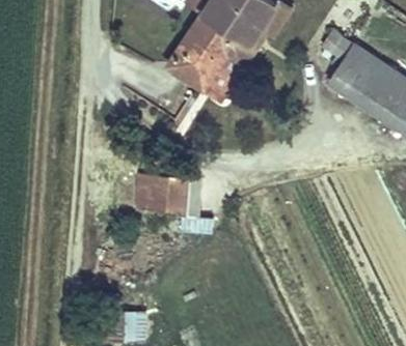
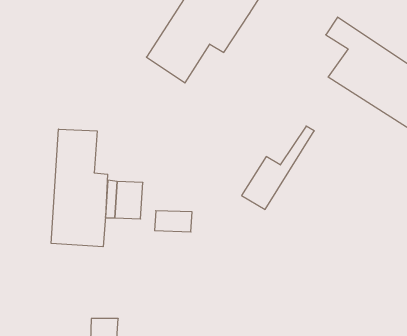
building: [200,28,265,102] -> [242,126,314,209]
building: none -> [51,129,108,247]

